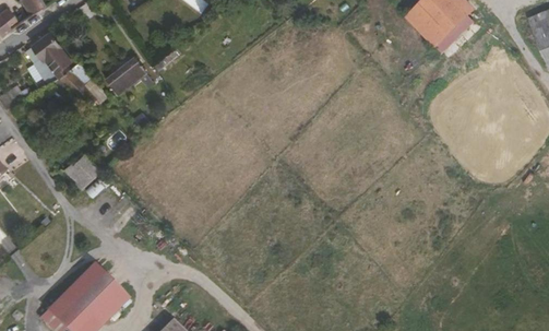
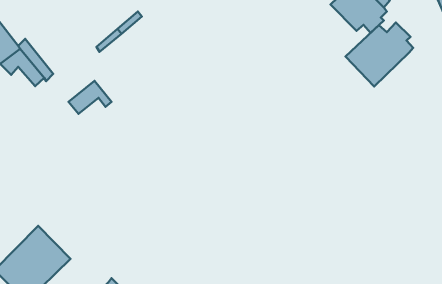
building: none -> [345,23,413,86]
building: [108,58,155,94] -> [68,81,112,114]
building: [69,150,104,187] -> none

